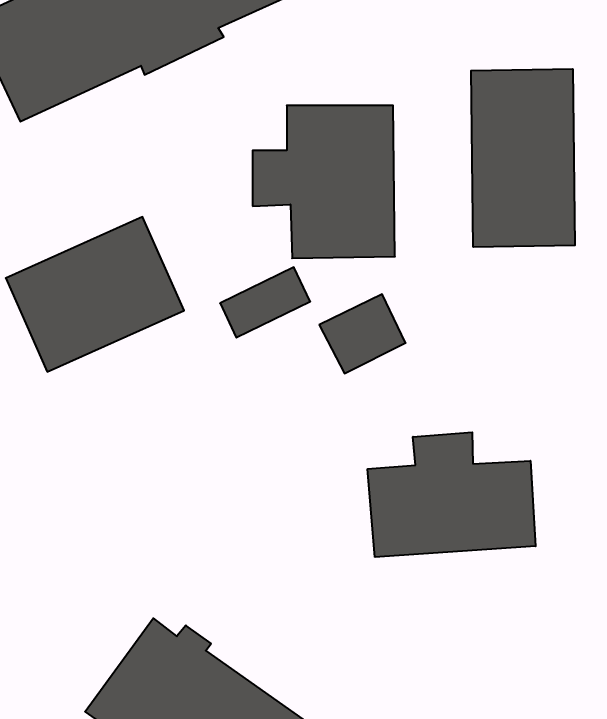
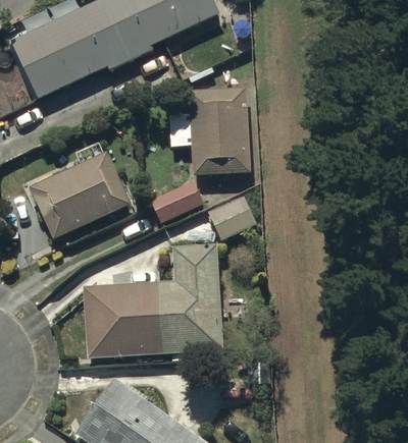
building: [471,69,575,247] -> none
building: none -> [83,244,222,358]
building: [368,432,536,557] -> none

